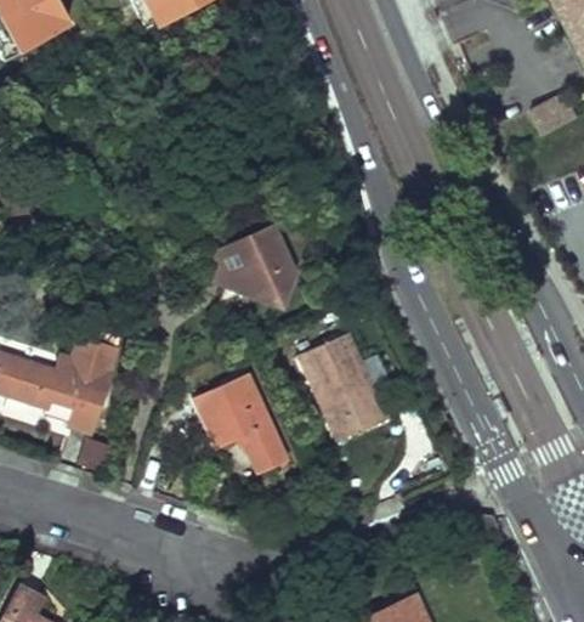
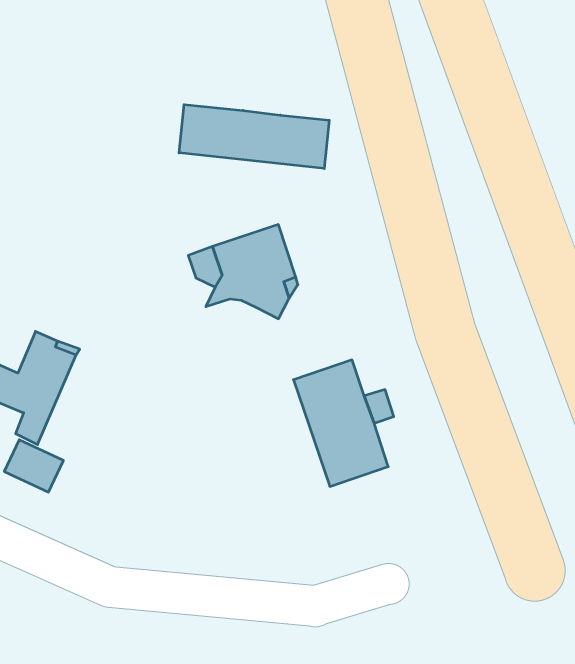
building: none -> [179,105,329,169]
building: [193,373,287,474] -> none

